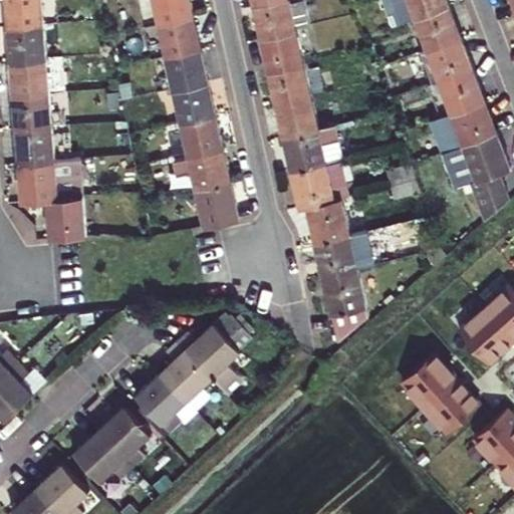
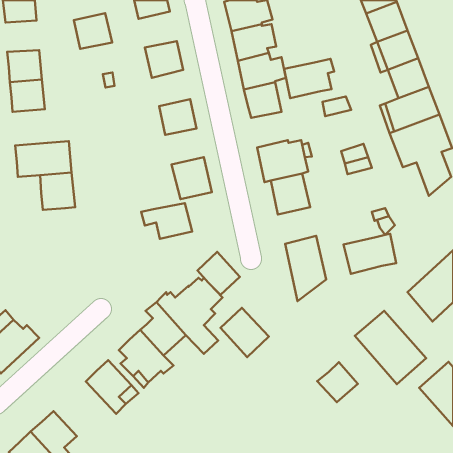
building: [156,17,199,57] -> [74,13,112,49]
building: [6,27,44,62] -> none
building: [171,82,214,123] -> none
building: [282,125,338,170] -> [284,59,334,98]
building: [14,126,53,168] -> none
building: [172,149,229,189] -> [141,203,192,239]
building: [312,233,371,278] -> [344,234,396,274]
building: none -> [197,252,240,295]
building: none -> [221,308,269,357]
building: none -> [317,362,358,402]
building: [71,433,131,483] -> none

